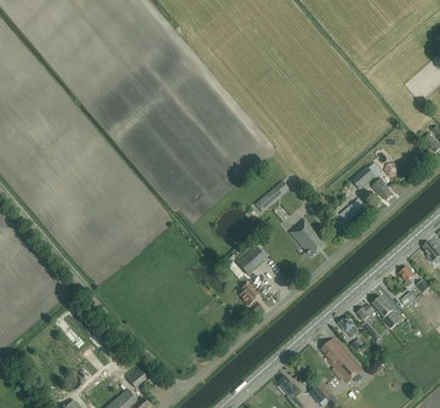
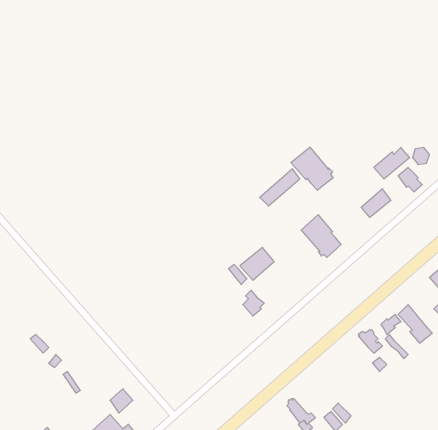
building: none -> [291,147,333,190]
building: [321,338,361,381] -> none

